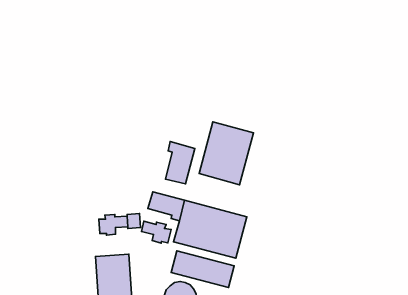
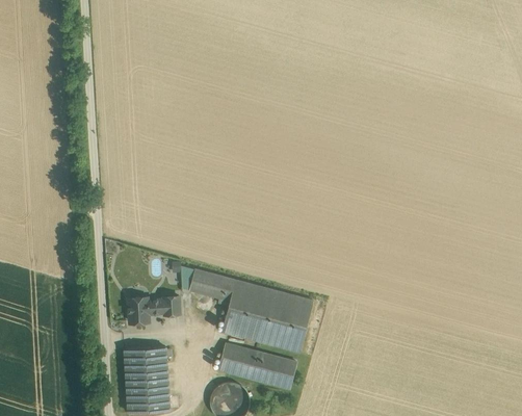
building: [199,122,253,185] -> none
building: [165,142,195,184] -> none
building: [141,221,171,243] -> none

